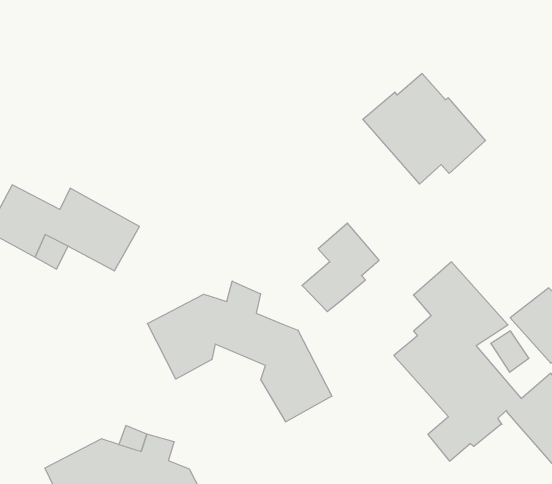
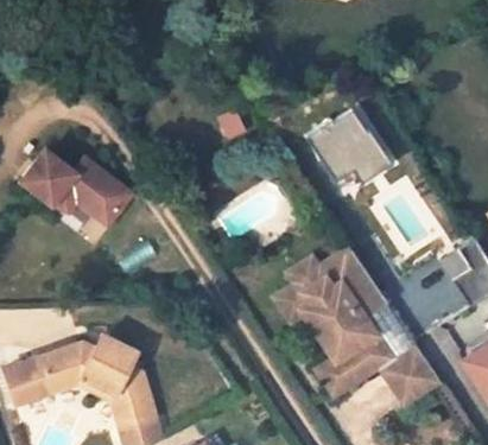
building: [302,223,379,312] -> [273,255,331,317]
building: [147,281,332,422] -> none

